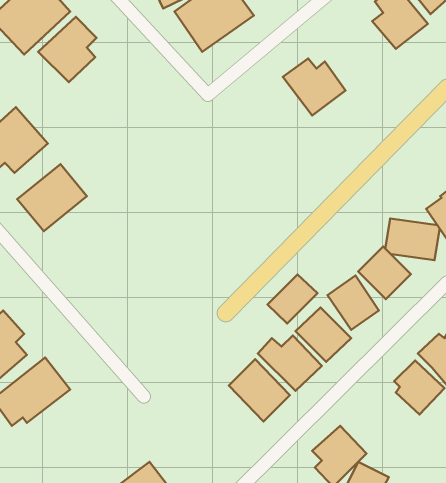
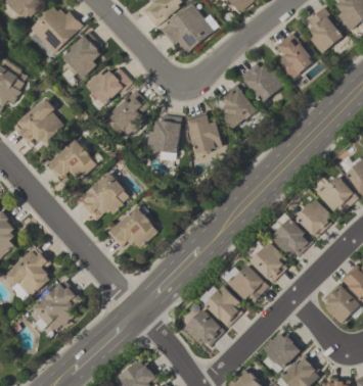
building: none -> [276,31,318,84]
building: none -> [85,65,131,108]
building: none -> [219,84,265,130]
building: none -> [106,91,152,138]
building: none -> [187,112,225,155]
building: none -> [148,114,183,157]
building: none -> [77,171,132,225]
building: none -> [106,205,160,250]
building: [268,274,317,323] -> none
building: none -> [183,308,224,350]

